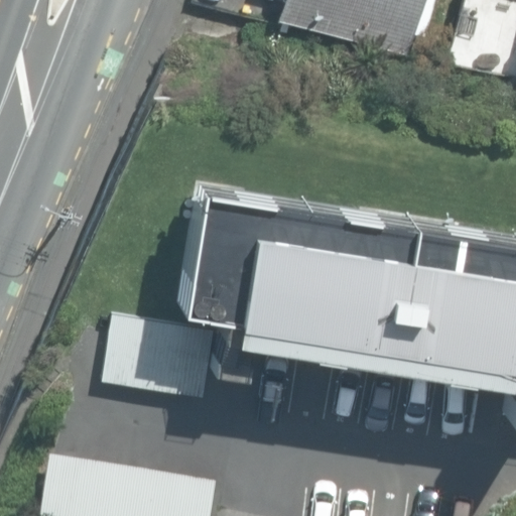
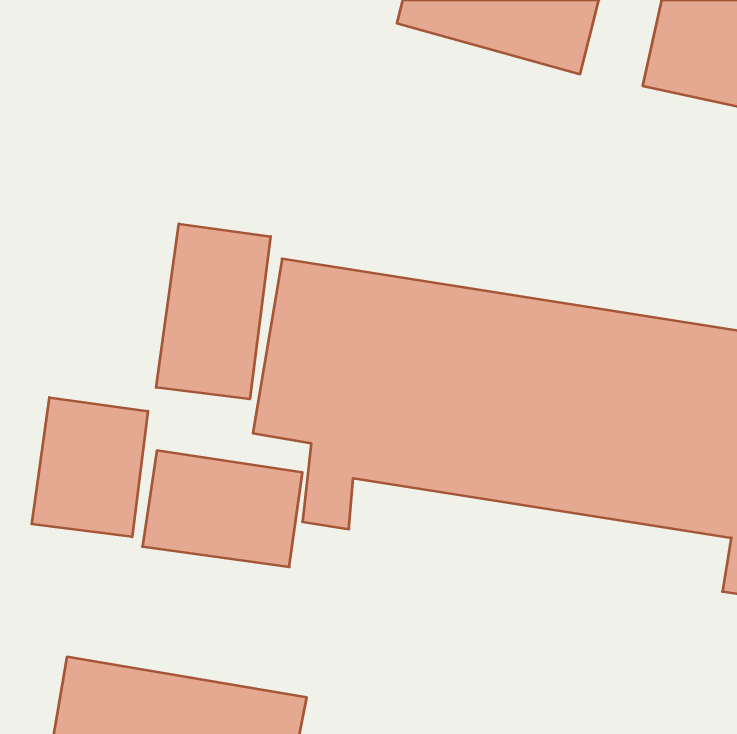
building: none -> [156,224,271,399]
building: none -> [32,397,148,537]

